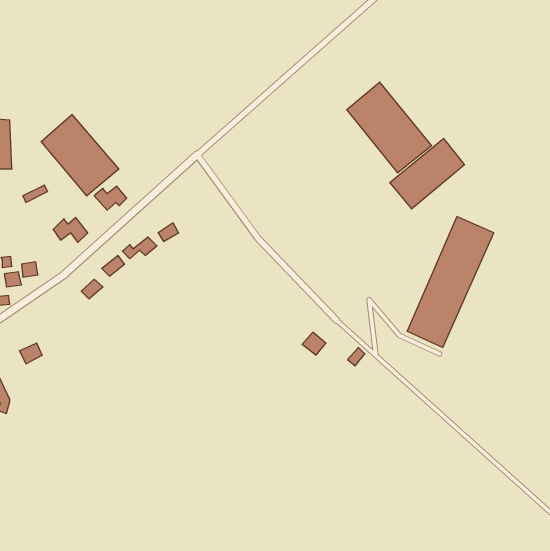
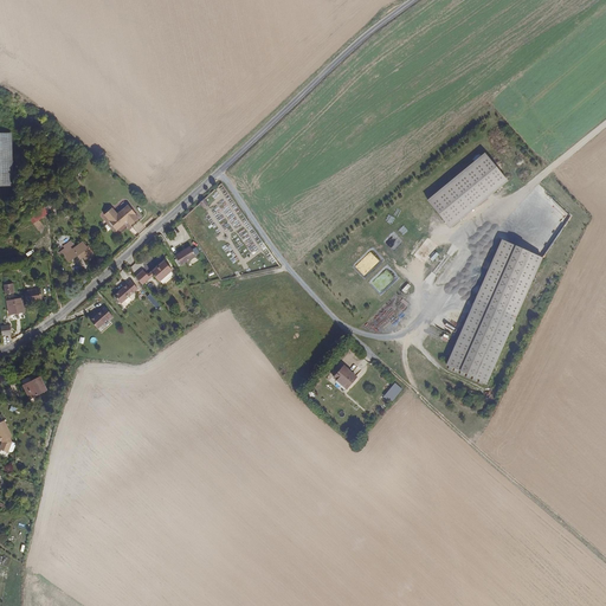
building: [347,82,432,173] -> none
building: [41,114,119,196] -> none

